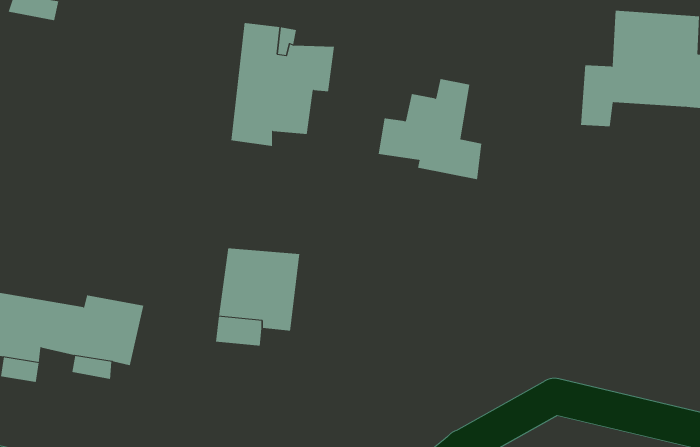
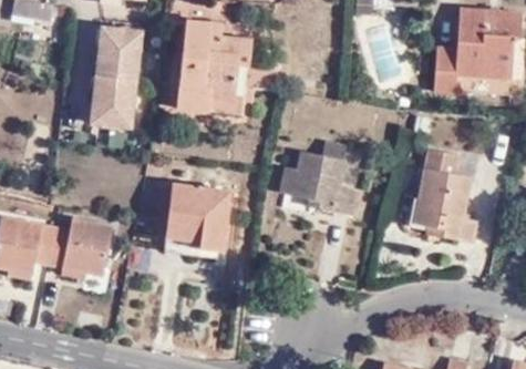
building: none -> [89,25,137,125]
building: [378,79,482,180] -> [278,141,354,215]
building: none -> [414,148,474,242]

